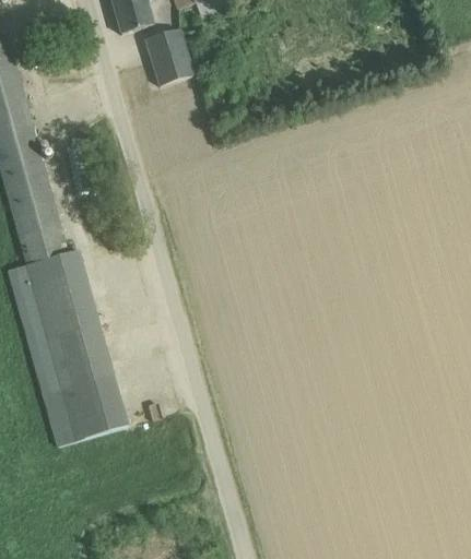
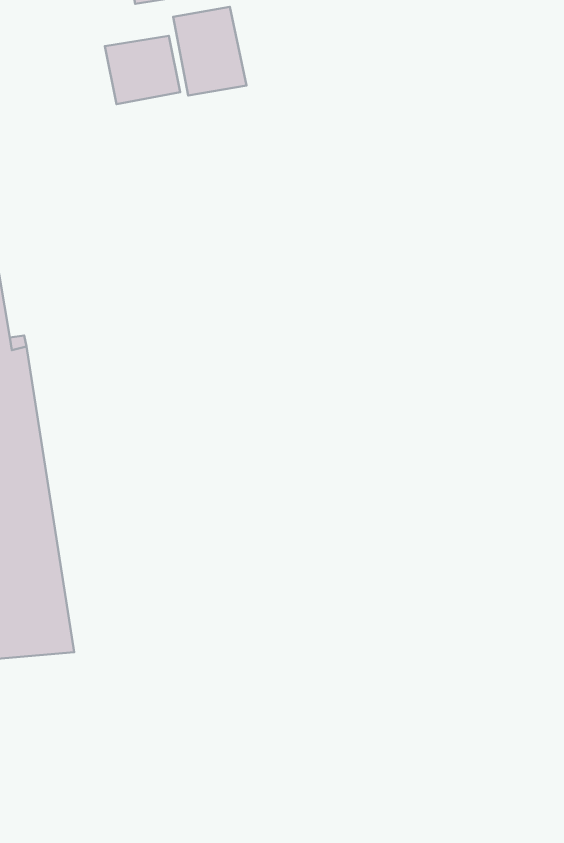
building: none -> [105,36,180,104]

